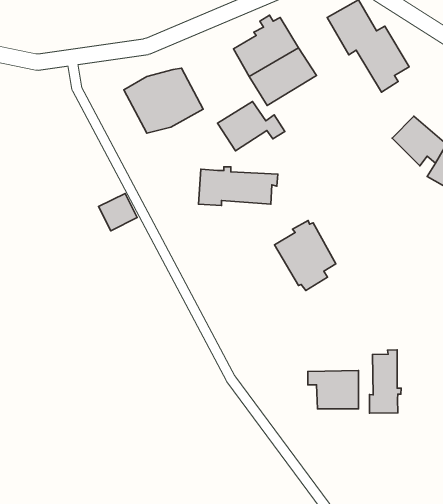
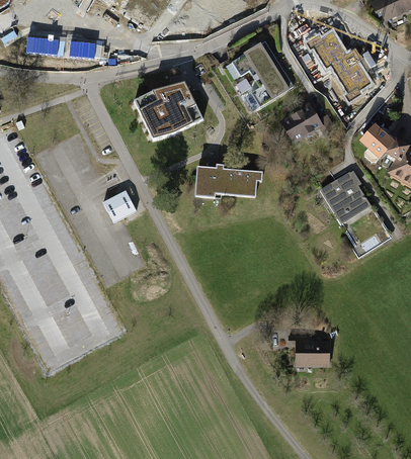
building: [218,102,285,151] -> [278,103,335,145]
building: [275,221,336,290] -> [319,170,371,228]
building: [369,350,401,413] -> none

